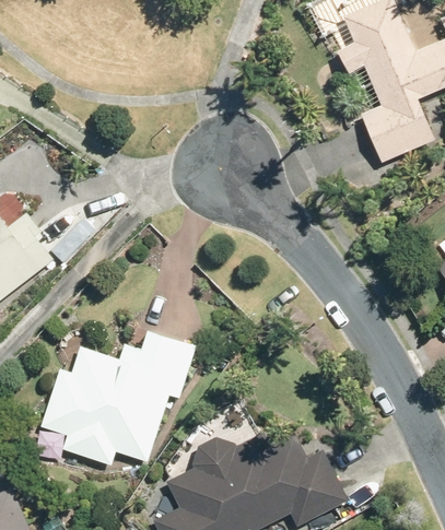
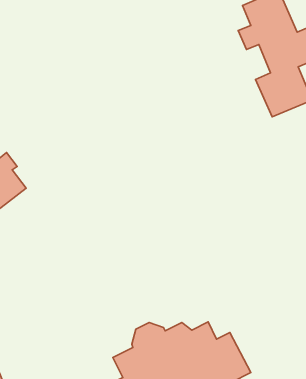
building: [43,327,199,466] -> none

